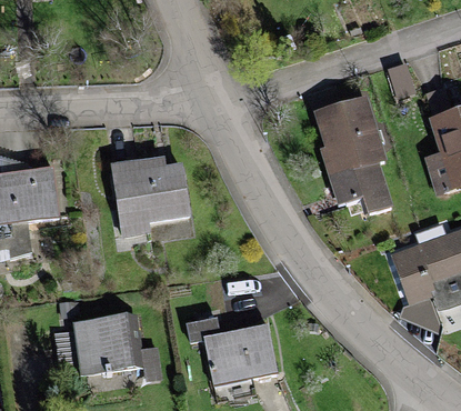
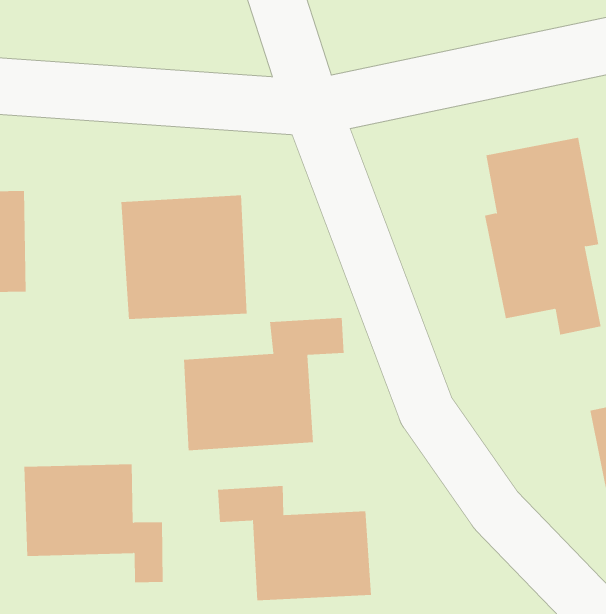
building: none -> [184,317,344,451]

